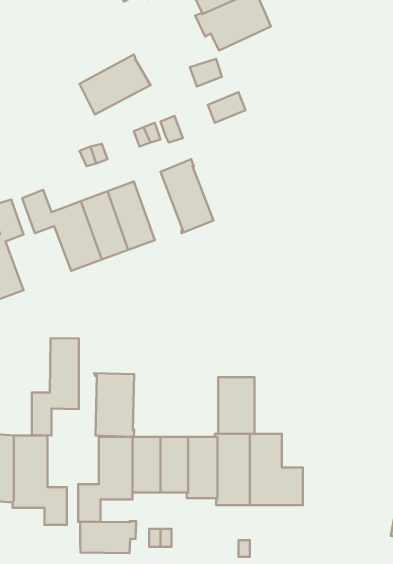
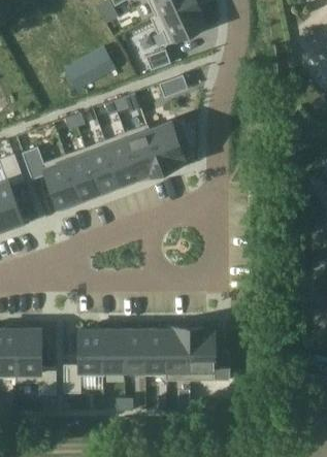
building: none -> [148,121,189,169]
building: none -> [104,133,140,184]
building: [32,338,79,436] -> none
building: [94,373,134,437] -> none
building: [218,377,254,434] -> none
building: [80,521,136,553] -> none

